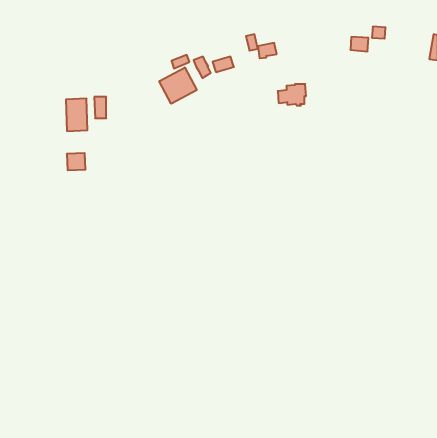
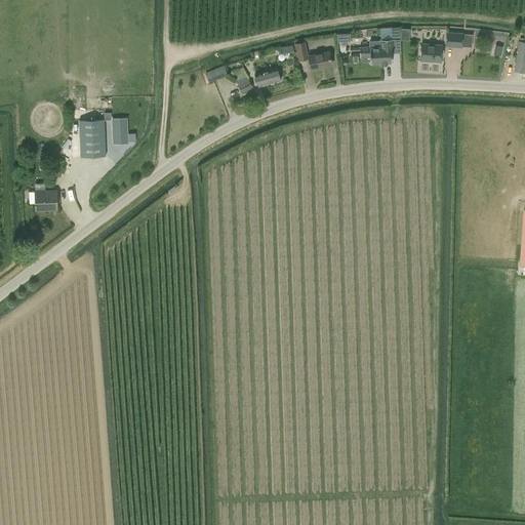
building: [159,67,197,104] -> none
building: [278,84,306,106] -> [360,39,394,65]
building: [67,153,86,170] -> [35,190,57,210]

